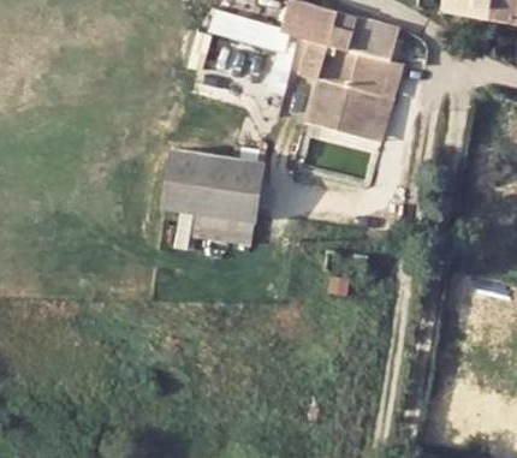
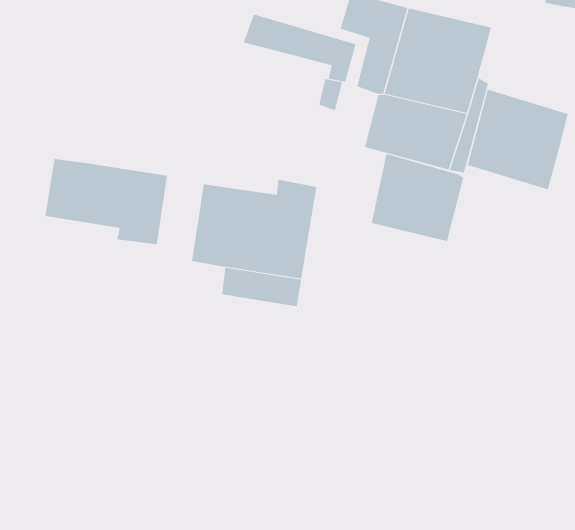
building: none -> [467,89,568,190]
building: none -> [371,153,464,242]
building: none -> [45,158,168,245]

